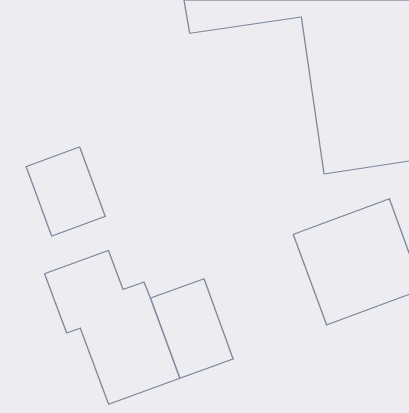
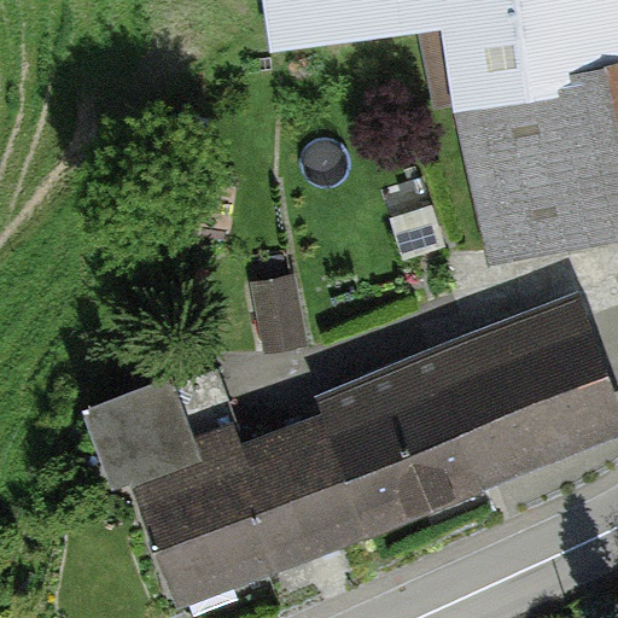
building: [26,147,105,236] -> none
building: none -> [305,350,494,536]

